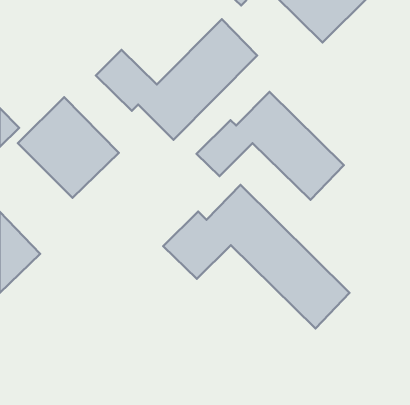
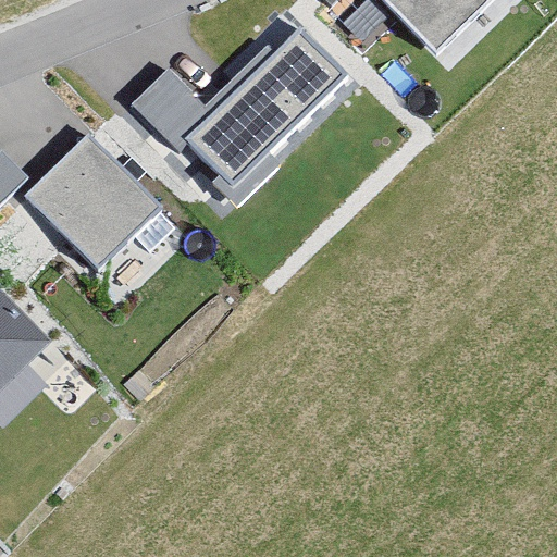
building: [197,92,344,200] -> none
building: [163,185,349,328] -> none

